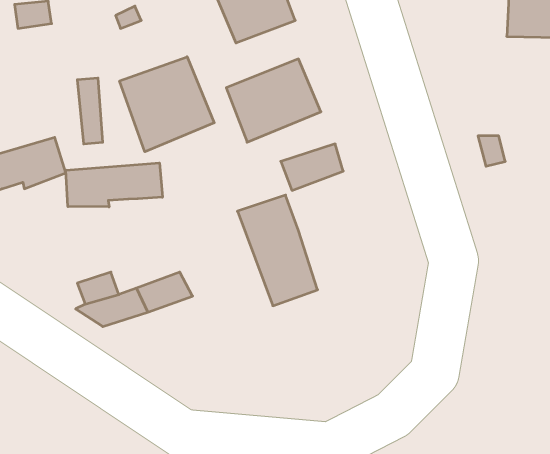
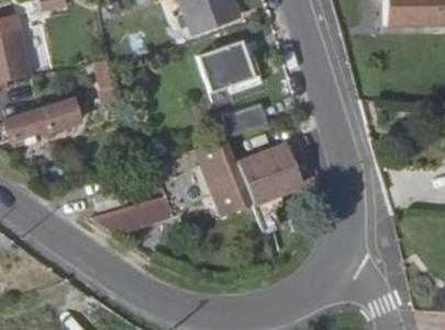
building: [120,57,214,152] -> none
building: [66,163,162,207] -> none
building: none -> [241,144,301,228]

